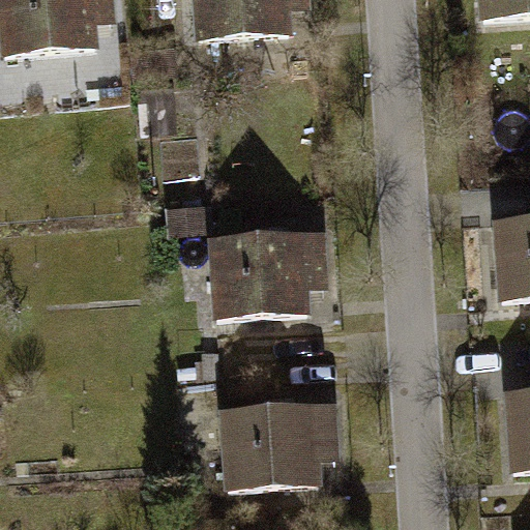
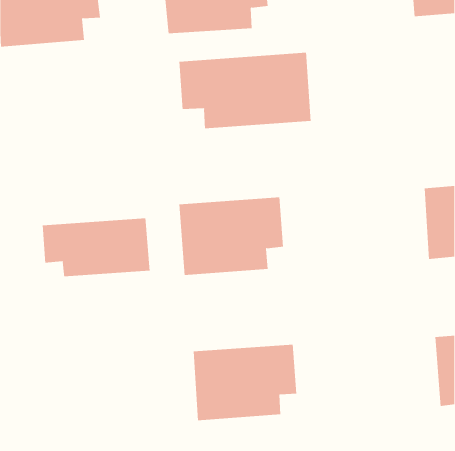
building: none -> [179,52,311,129]
building: none -> [42,217,150,277]

